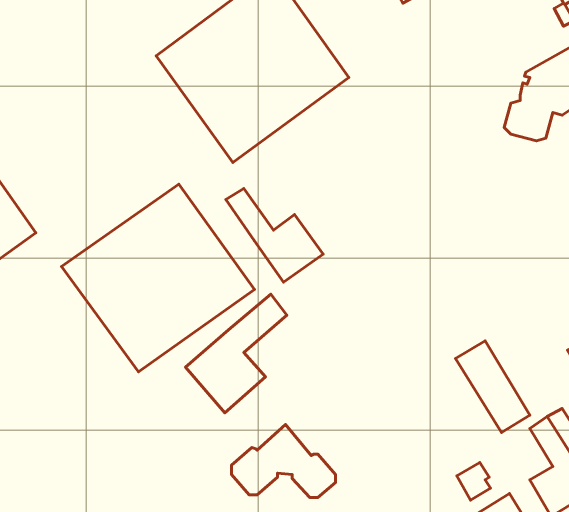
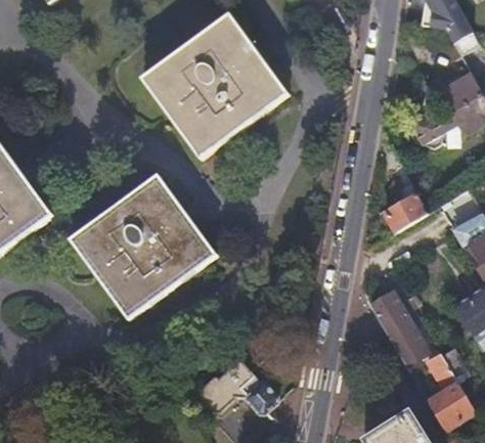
building: [226,188,323,282] -> none
building: none -> [380,181,428,232]
building: [186,294,287,413] -> none

